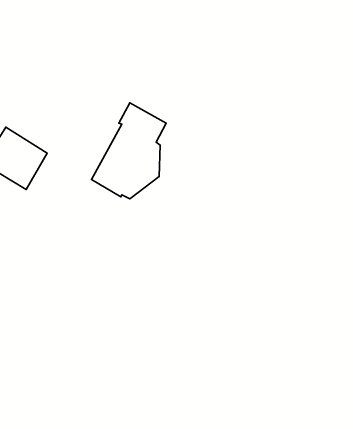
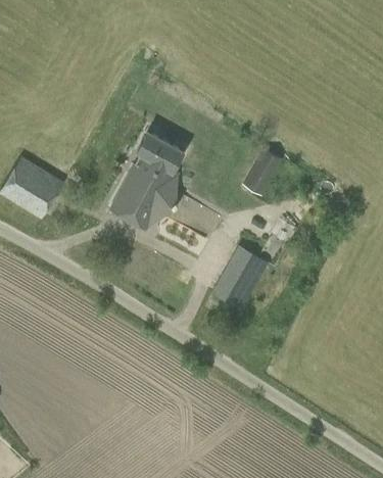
building: none -> [242,149,281,195]
building: none -> [211,246,273,312]

